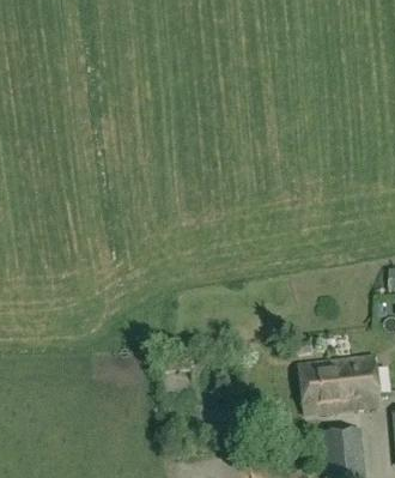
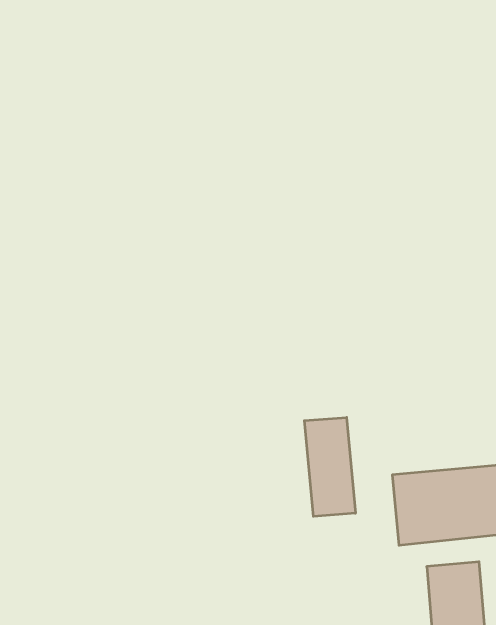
building: none -> [304,417,355,516]

